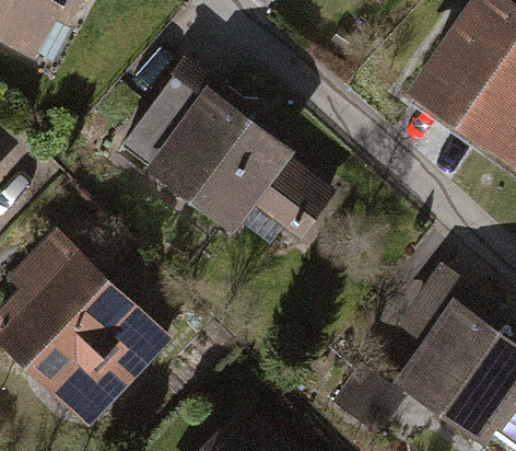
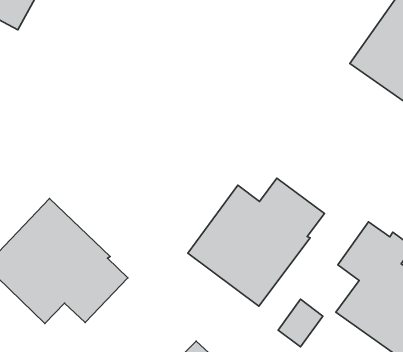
building: [124,82,328,234] -> none
building: none -> [188,178,324,306]

